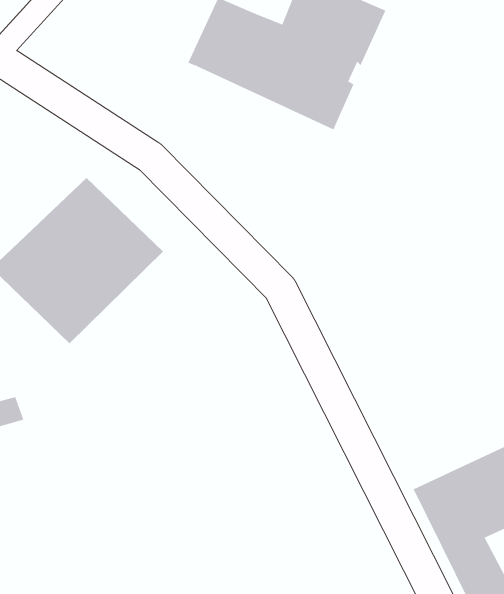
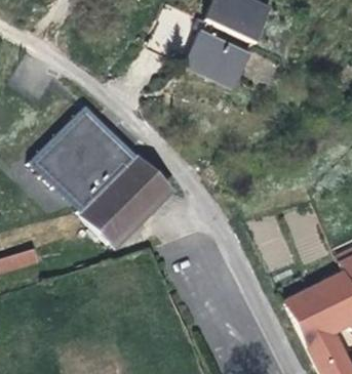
building: none -> [77,157,168,245]

